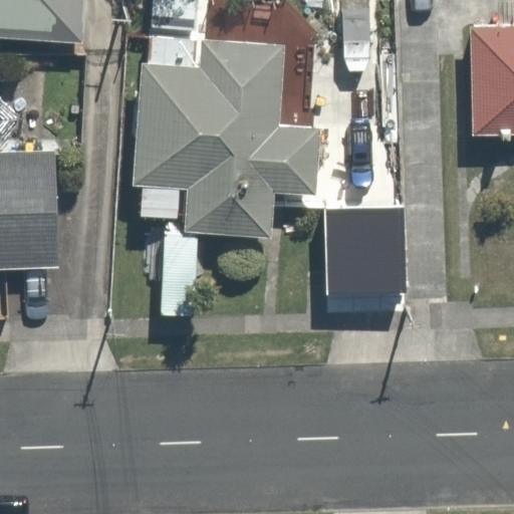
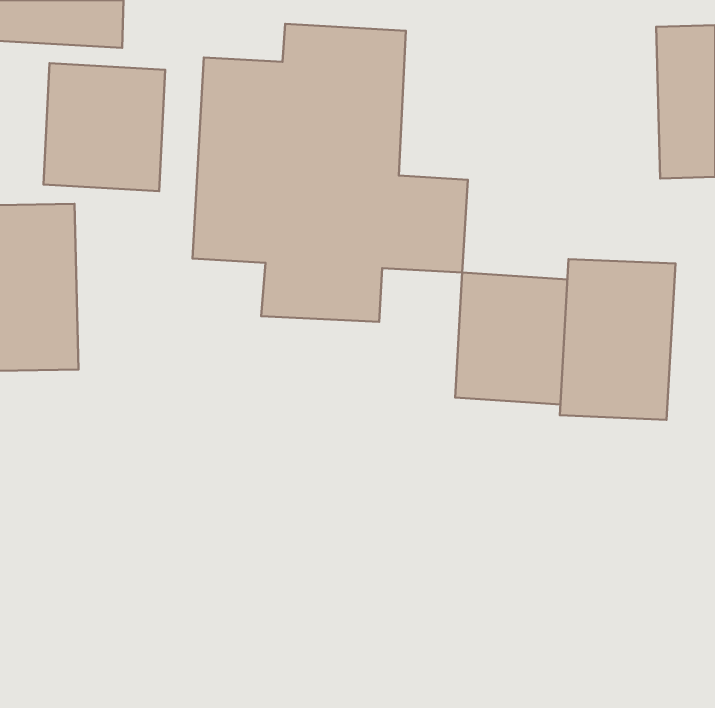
building: none -> [44,63,165,191]
building: none -> [560,259,675,420]

